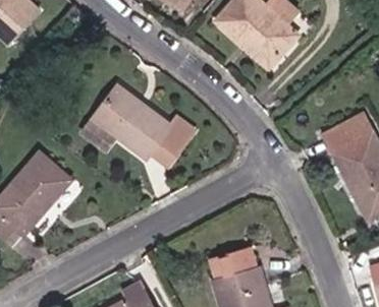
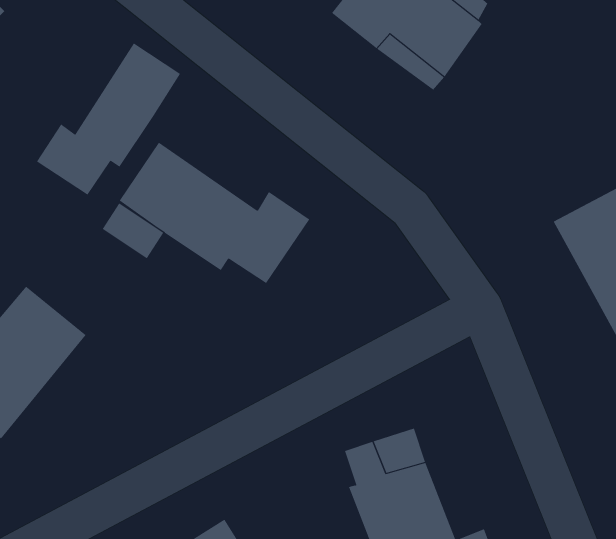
building: none -> [36,43,181,195]

